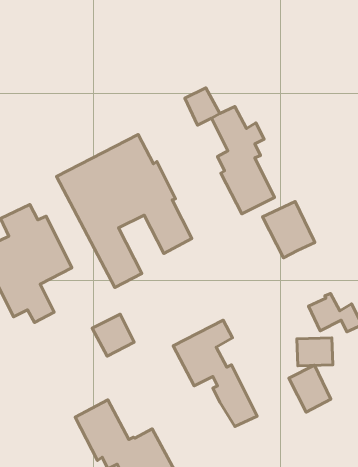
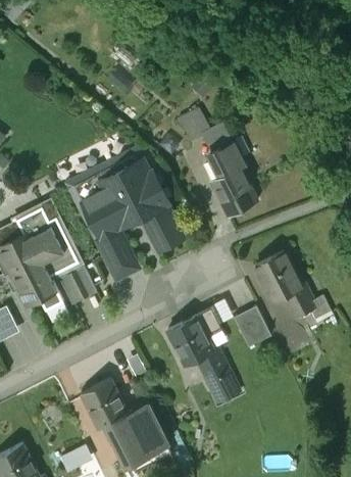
building: [262,202,315,258] -> [255,255,301,304]
building: [92,314,134,356] -> [59,269,96,305]
building: [289,365,331,412] -> [235,308,271,349]

